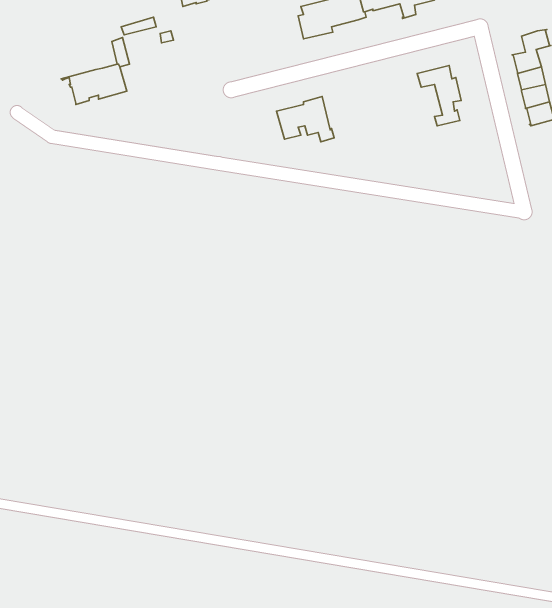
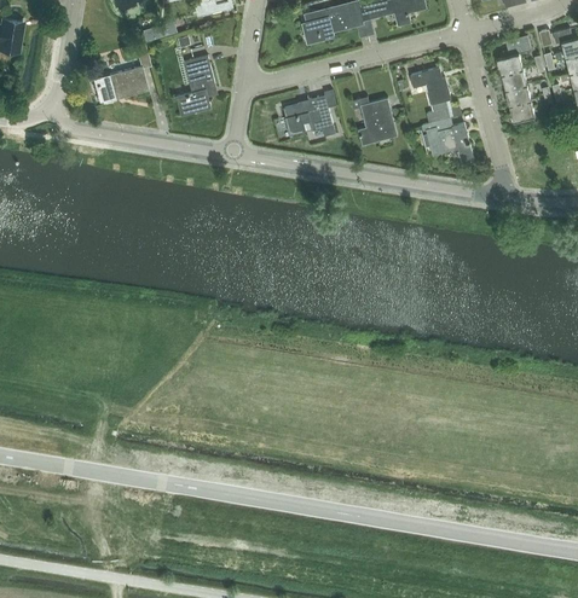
building: none -> [175,56,215,115]
building: none -> [349,97,397,145]
building: none -> [421,117,472,159]

